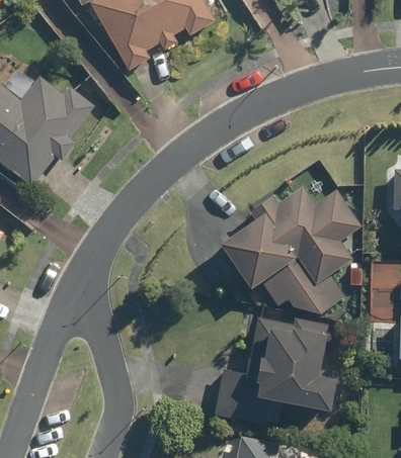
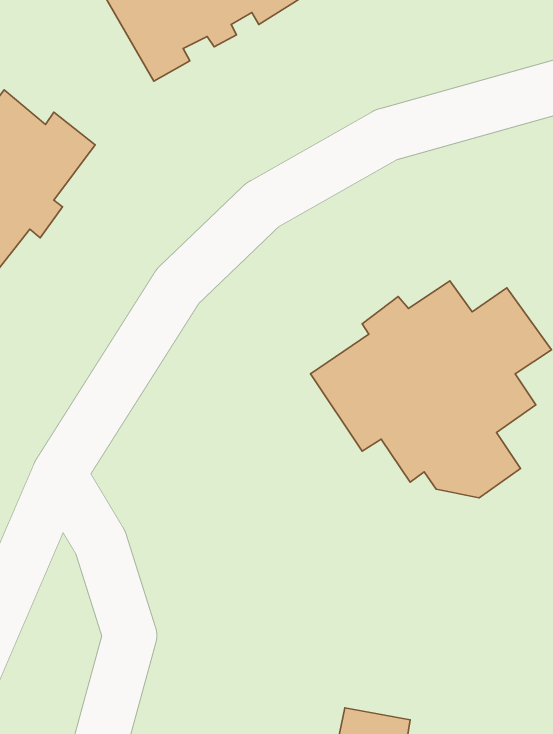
building: [214,316,337,427] -> none

